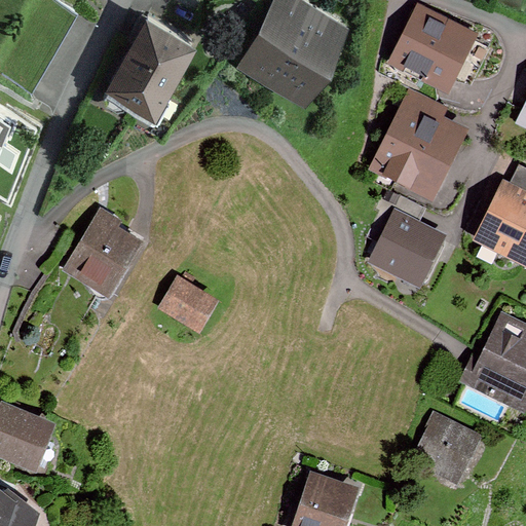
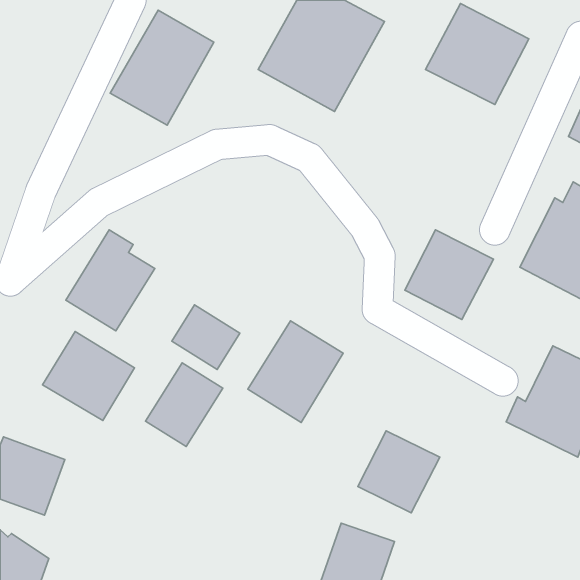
building: [367,87,468,203] -> none
building: none -> [248,321,343,422]
building: none -> [43,332,134,421]
building: none -> [146,363,223,447]
building: [409,412,483,486] -> [358,431,440,513]

